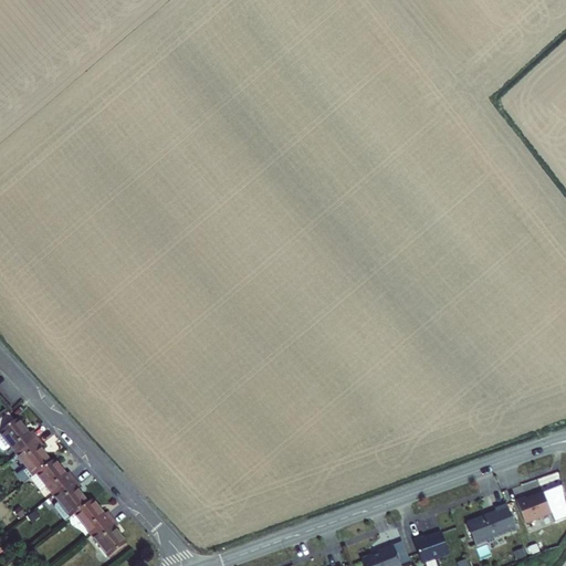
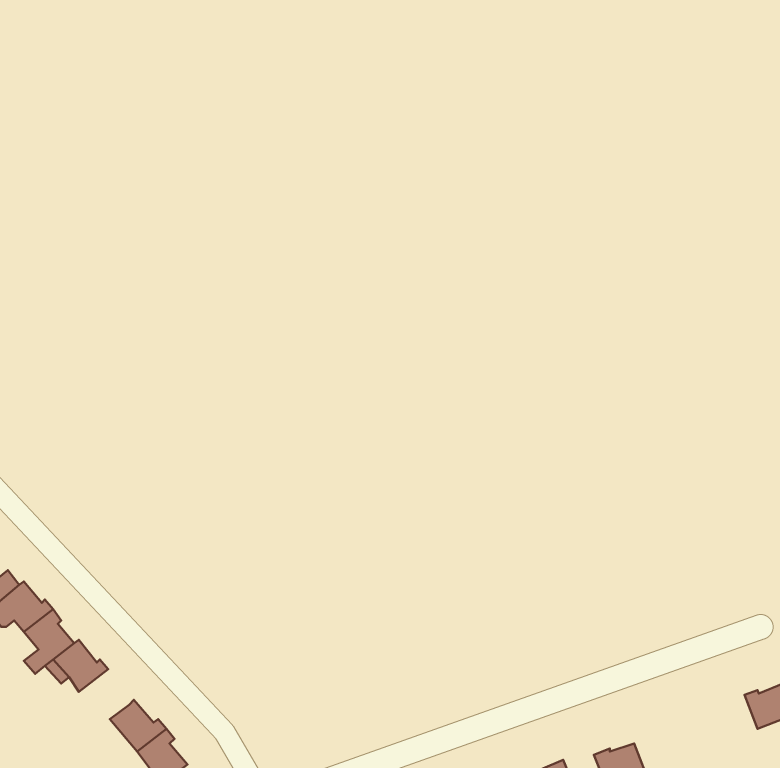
building: [60,483,94,524] -> none
building: [464,505,514,545] -> none

